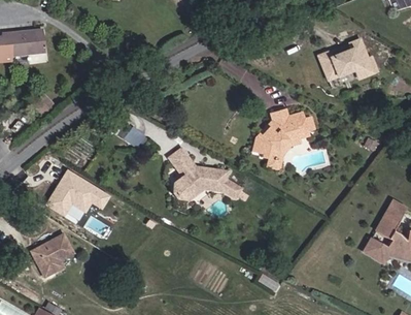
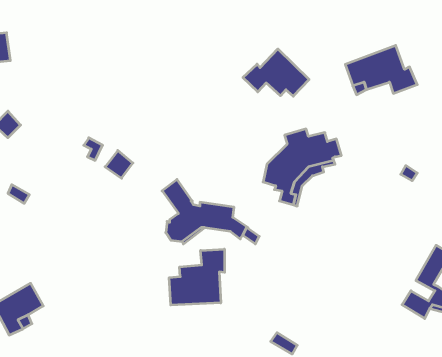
building: none -> [243,49,309,96]
building: [45,167,110,222] -> none
building: none -> [169,249,225,305]

